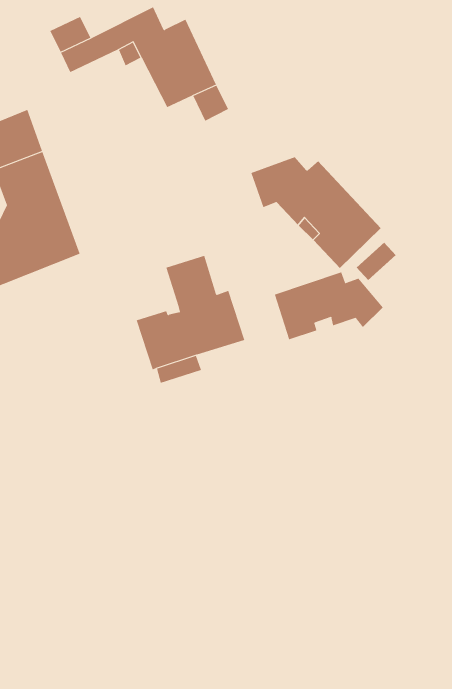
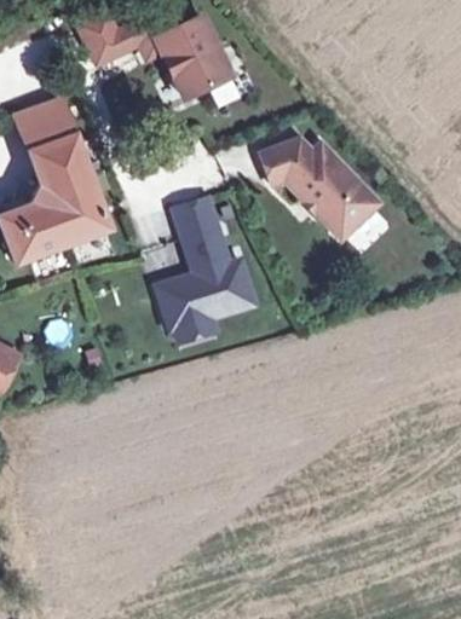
building: none -> [174,199,219,239]
building: [274,271,384,340] -> none

